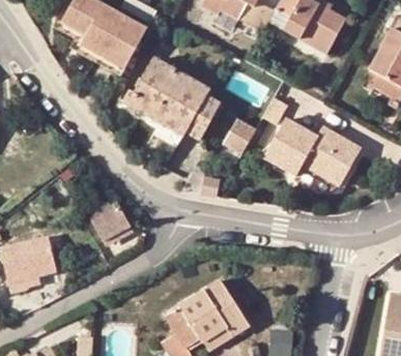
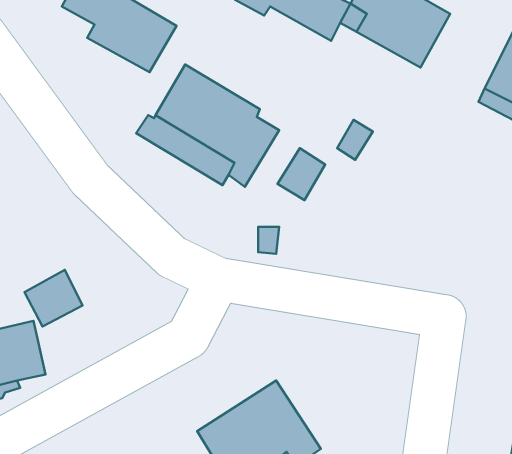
building: [261,119,359,189] -> none
building: [92,200,133,239] -> [25,270,83,326]

